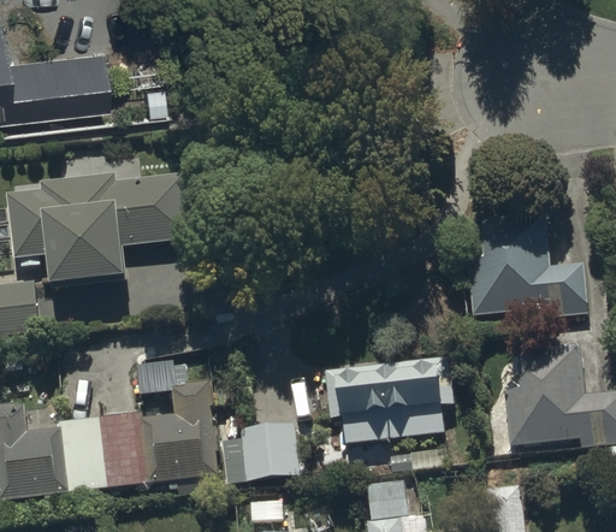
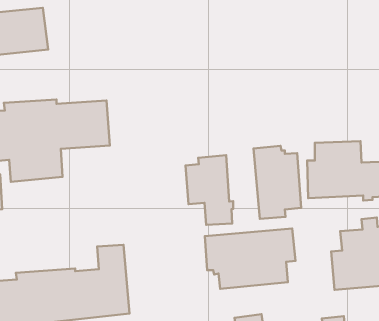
building: none -> [254,146,301,219]
building: none -> [186,155,233,225]
building: [241,425,297,481] -> none

